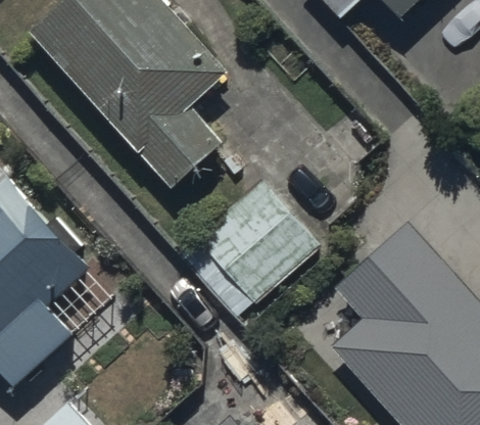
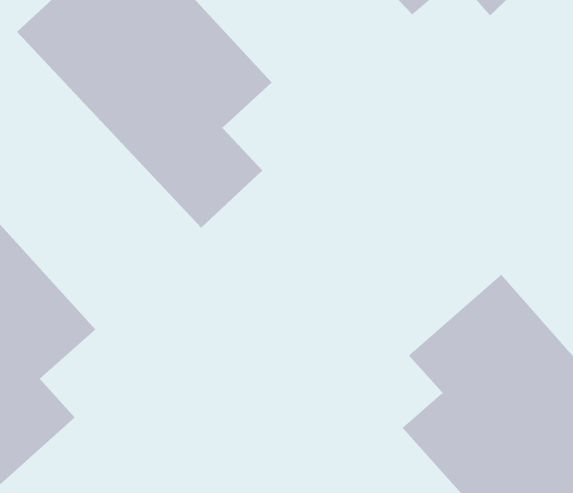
building: [199,181,319,301] -> none

